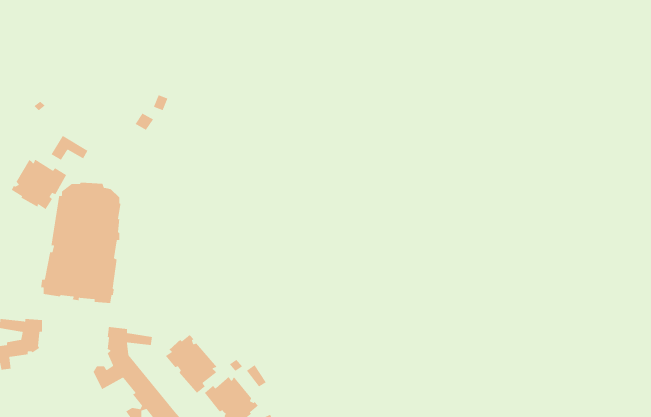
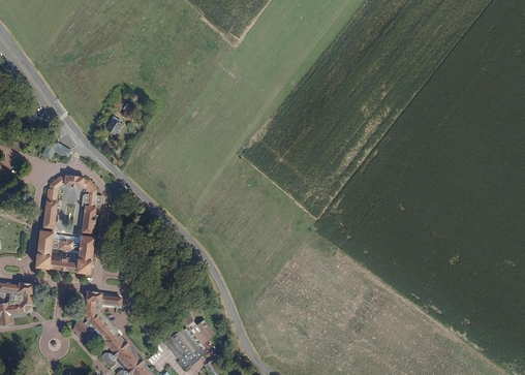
building: [11,158,67,210] -> none
building: [165,334,218,394] -> none

